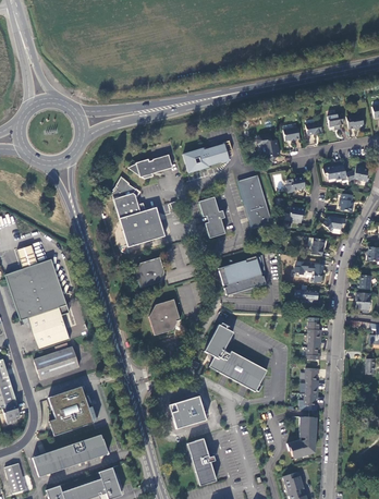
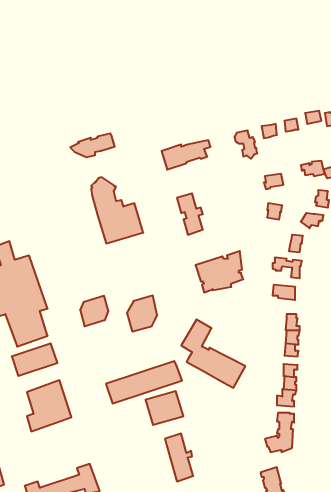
building: [127,154,172,178] -> [70,133,115,157]
building: [239,174,271,226] -> none
building: [135,256,163,287] -> [80,296,108,326]
building: [32,434,108,476] -> [106,361,182,403]

